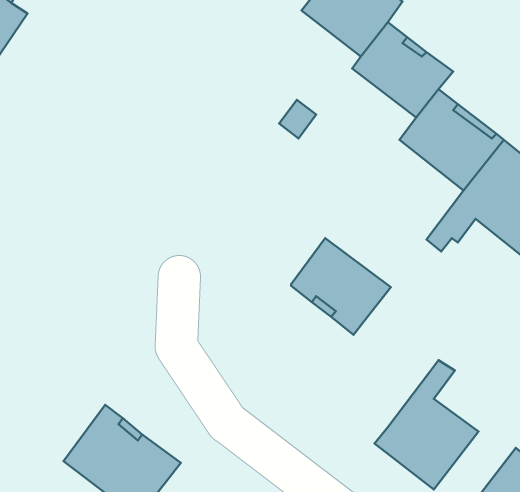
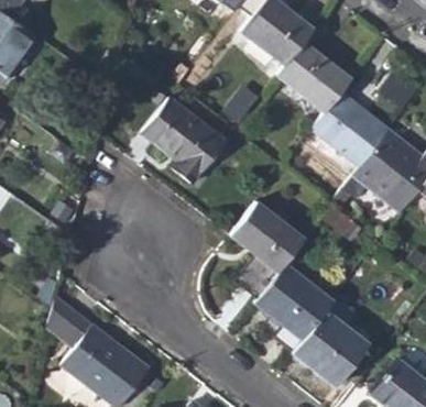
building: none -> [141,97,226,184]
building: none -> [254,262,334,340]
building: none -> [47,295,94,351]

